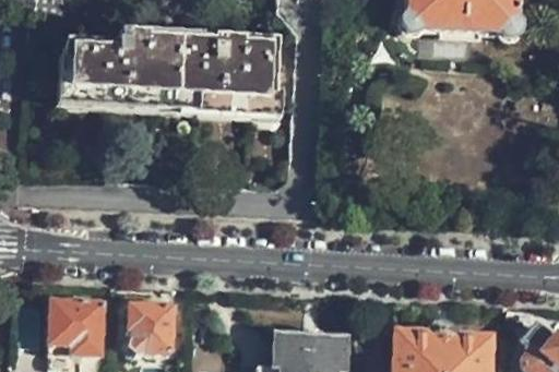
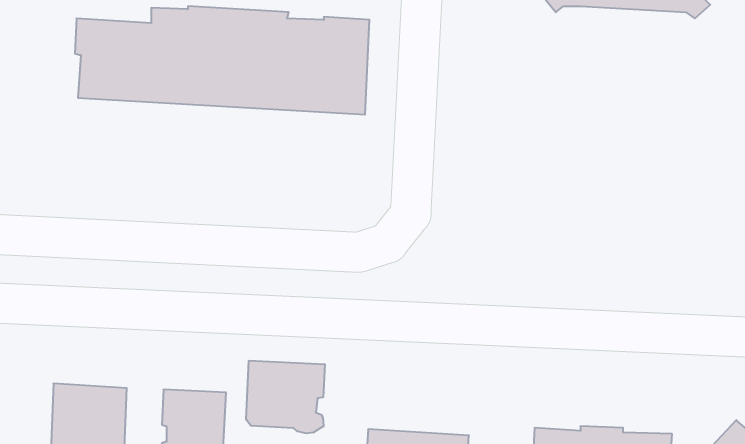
building: none -> [246,361,325,433]

